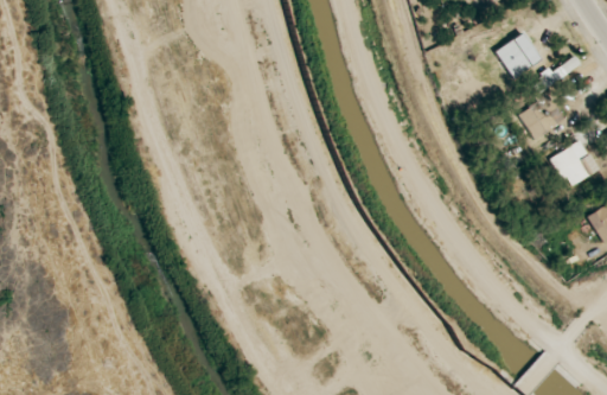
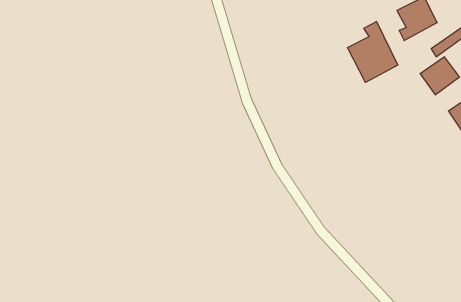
building: none -> [347,21,398,82]

